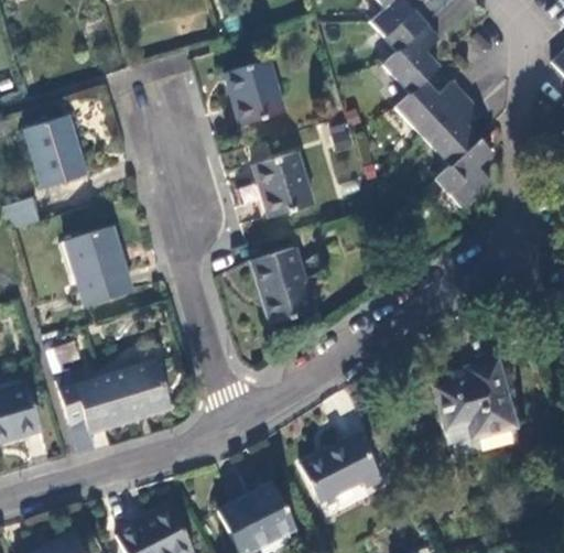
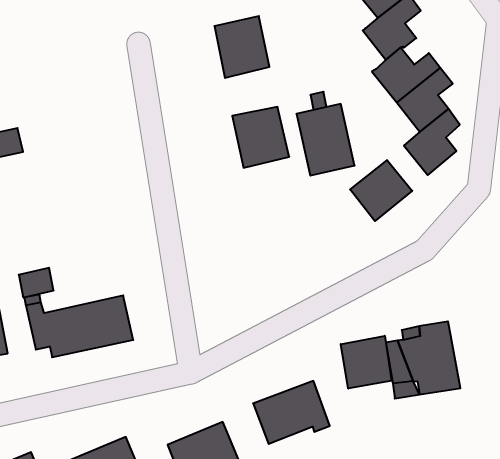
building: [25,115,87,187] -> none
building: none -> [350,160,412,221]
building: [66,225,133,304] -> none
building: [250,246,315,323] -> [296,104,355,176]
building: none -> [341,336,391,389]

